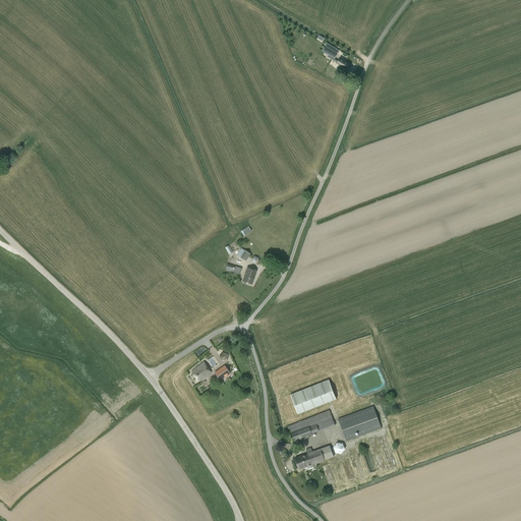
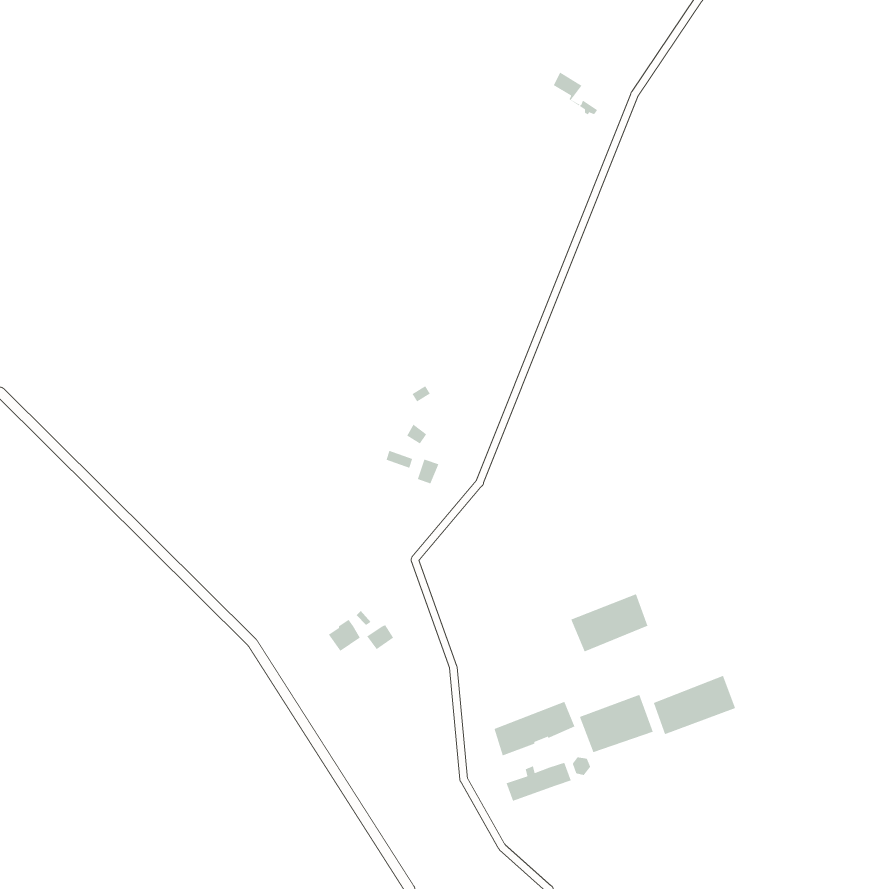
building: [290,379,336,413] -> [570,593,649,652]
building: none -> [653,675,736,735]

